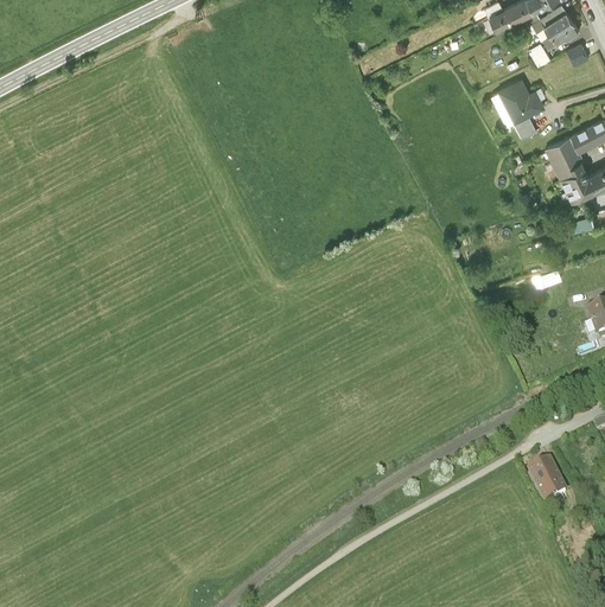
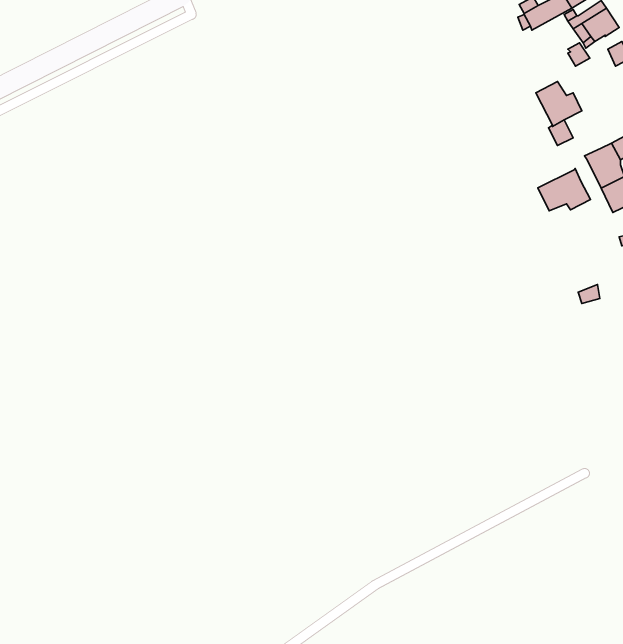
building: none -> [538,169,590,211]
building: [530,465,567,500] -> none

